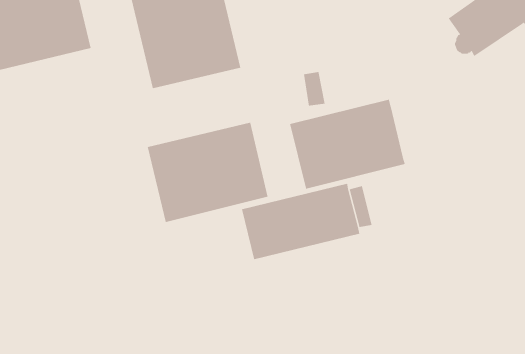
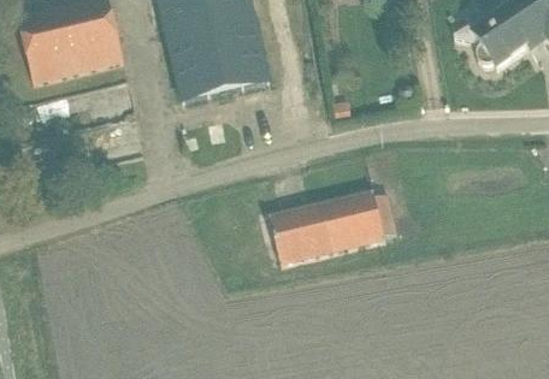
building: [289,99,406,189] -> none
building: [147,122,268,223] -> none

